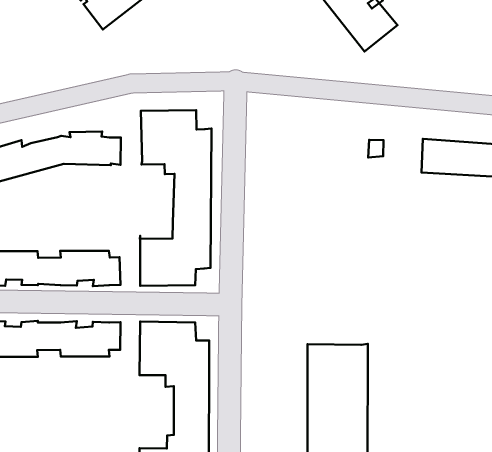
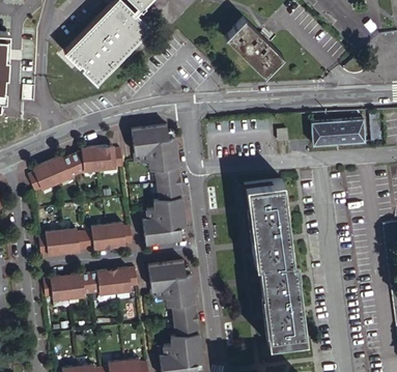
building: none -> [244,182,290,265]

